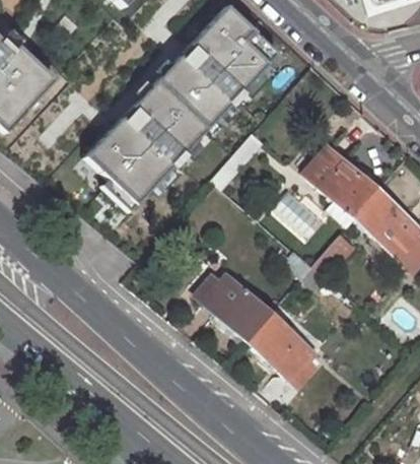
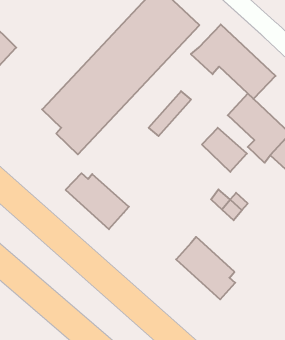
building: none -> [191,24,276,99]
building: [194,272,271,340] -> [66,173,129,229]

